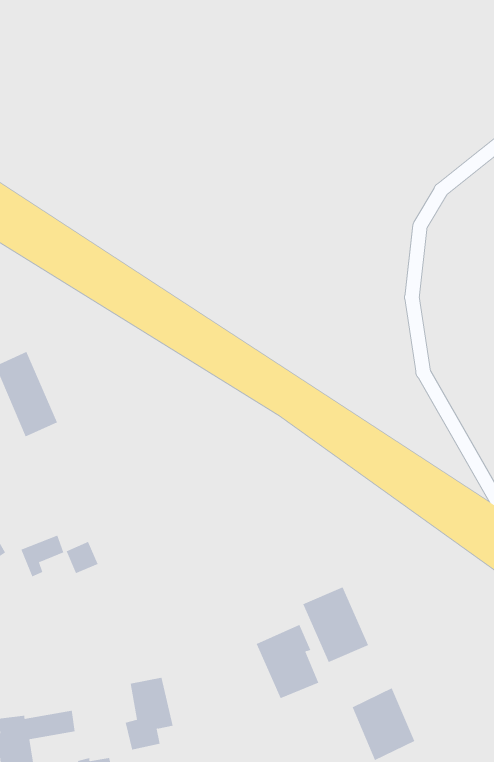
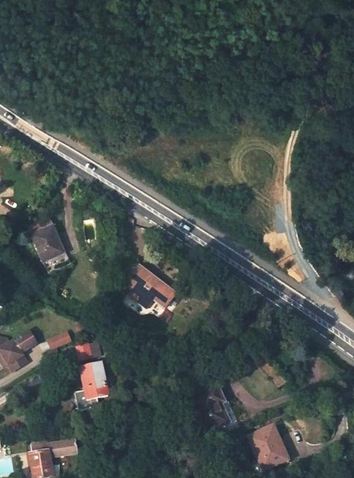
building: none -> [126,265,175,307]
building: [302,587,369,663] -> none
building: [125,677,174,750] -> [77,363,107,408]

